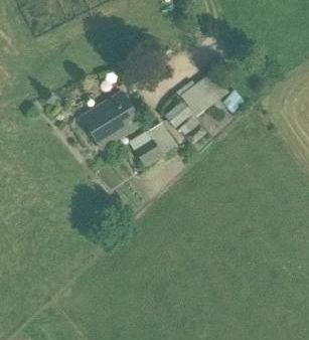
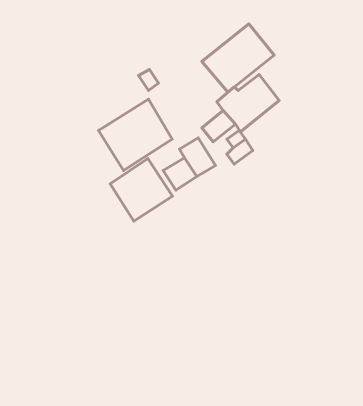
building: none -> [202,24,274,92]
building: none -> [110,158,172,221]

